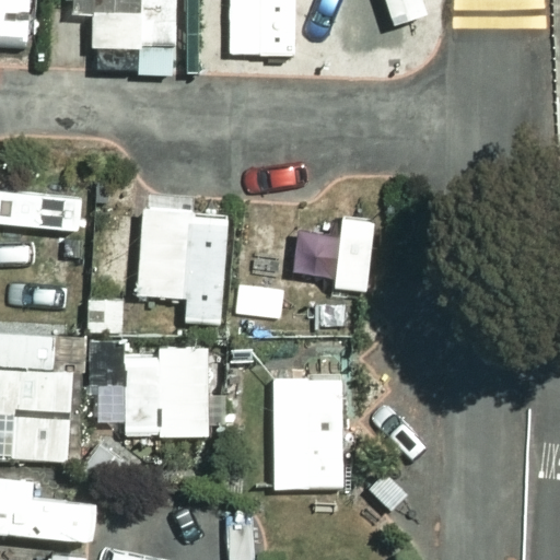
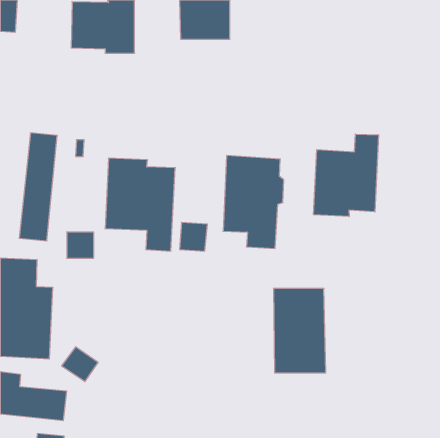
building: none -> [314,134,378,217]
building: [85,339,226,435] -> none
building: [276,380,341,486] -> [274,288,326,373]

